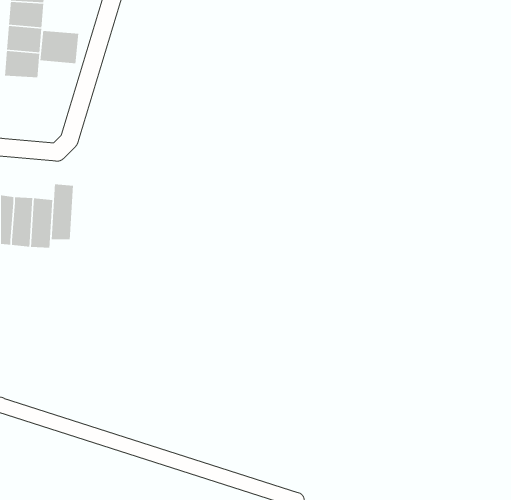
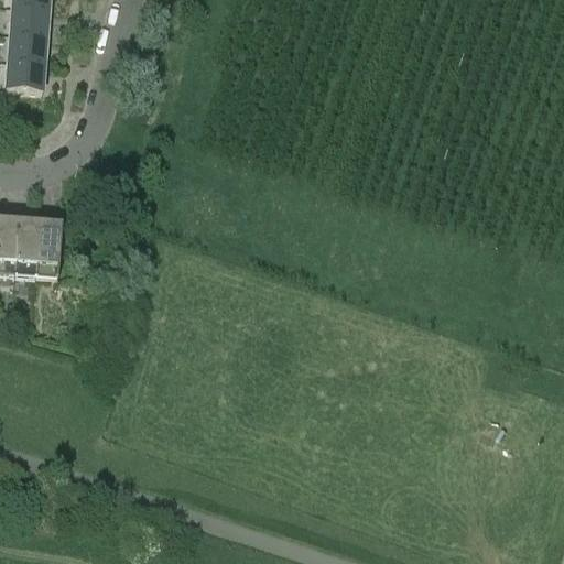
building: [39,30,79,64] -> none
building: [51,184,74,240] -> none

